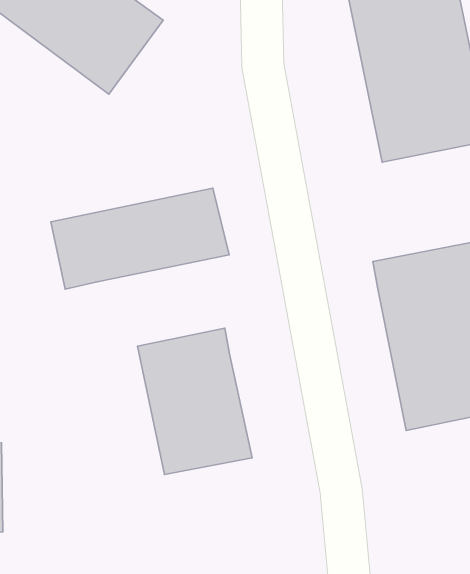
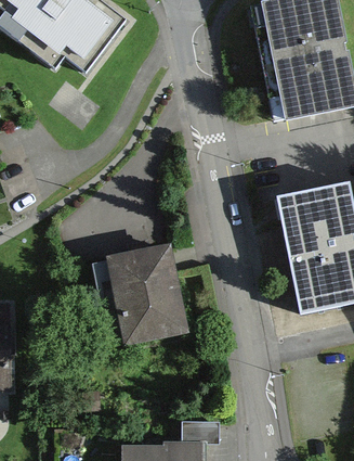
building: [51,188,229,289] -> none

